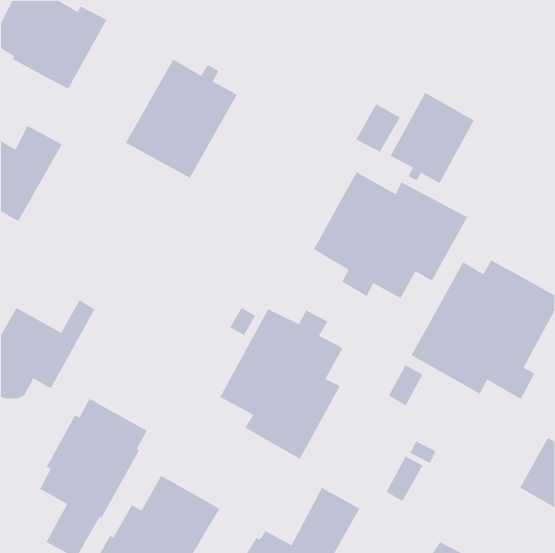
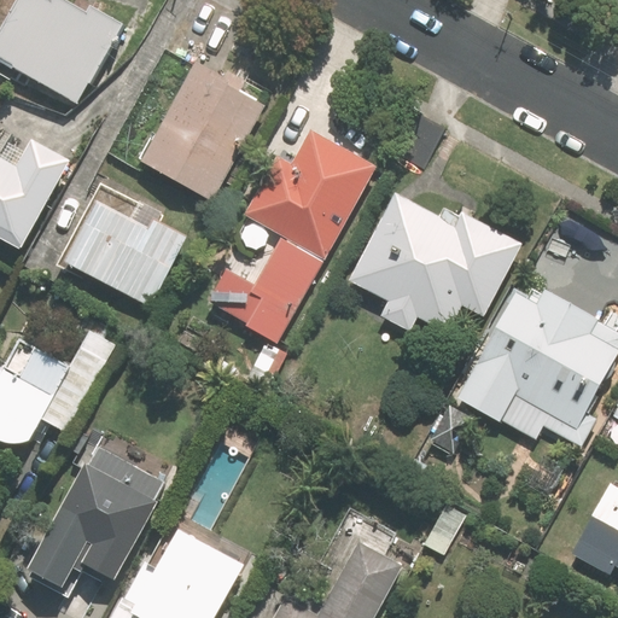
building: [390,92,475,184] -> none
building: none -> [208,129,374,344]
building: none -> [56,183,183,305]
building: [219,308,343,460] -> none

